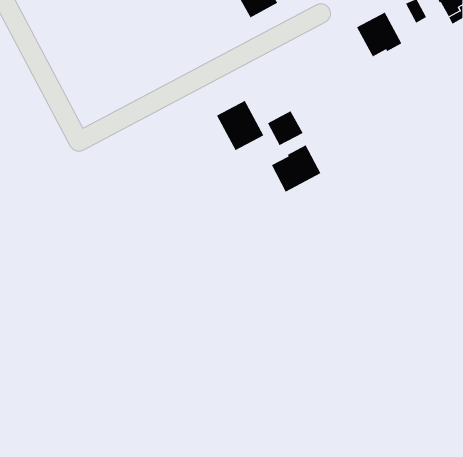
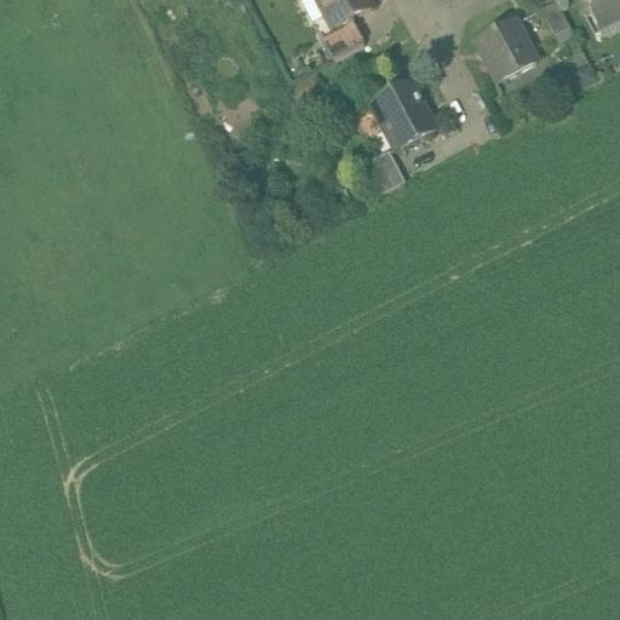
building: none -> [323,19,364,56]
building: [216,100,264,151] -> [372,79,436,147]
building: [271,144,321,192] -> none

